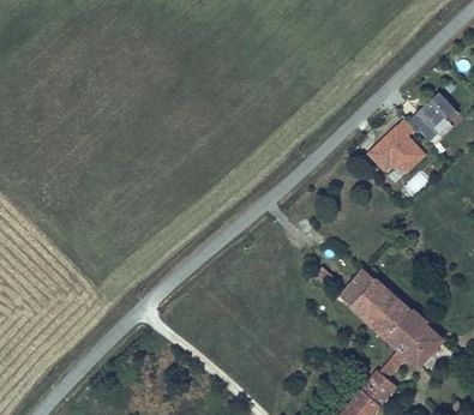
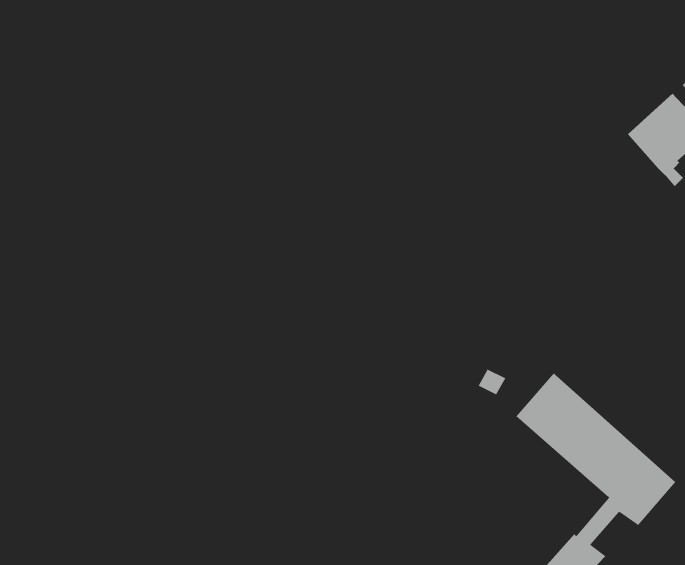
building: [367,116,426,180] -> none

